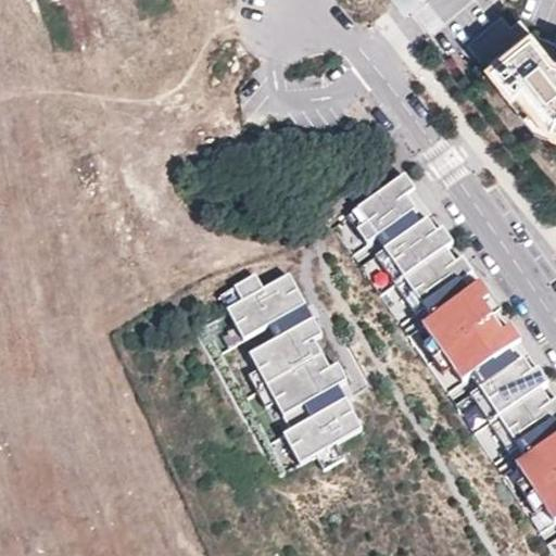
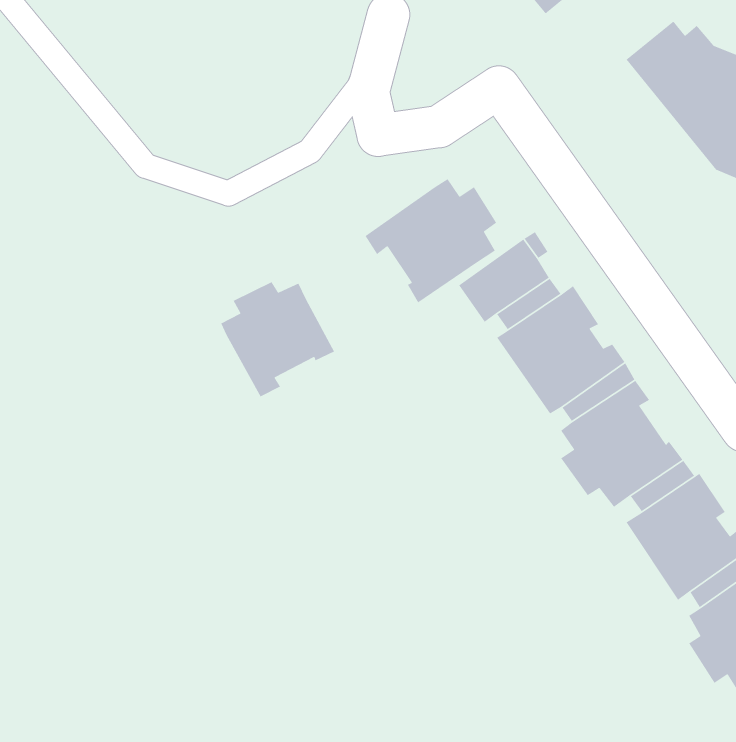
building: none -> [364,178,497,304]
building: none -> [220,281,335,398]
building: [220,274,358,468] -> none

